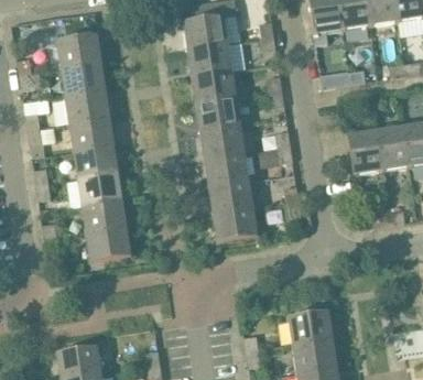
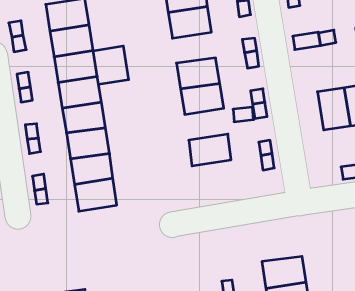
building: [192,70,238,104] -> none
building: none -> [93,46,129,85]
building: [205,152,251,186] -> none
building: [213,207,259,242] -> none

